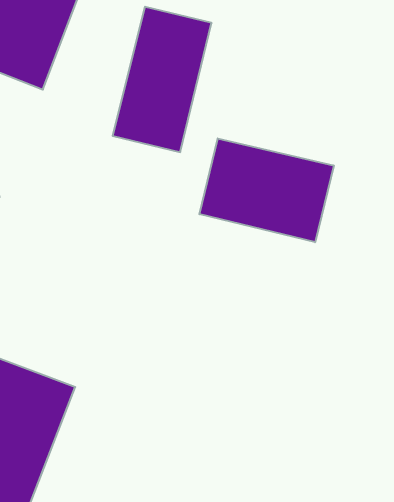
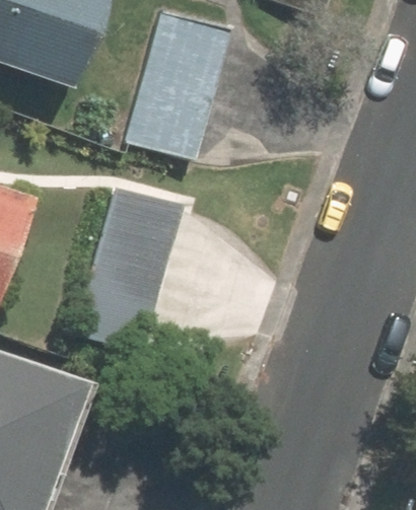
building: [199,138,334,242] -> none
building: none -> [75,189,176,347]

